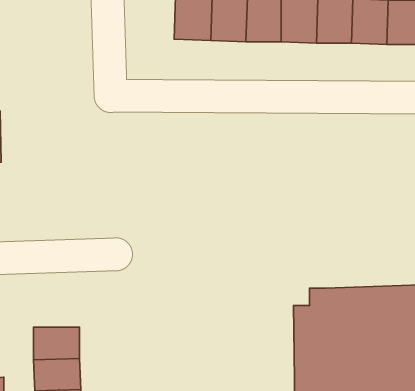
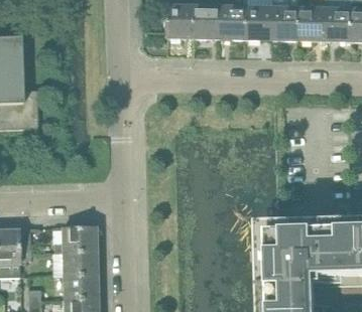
building: none -> [54,227,96,253]

